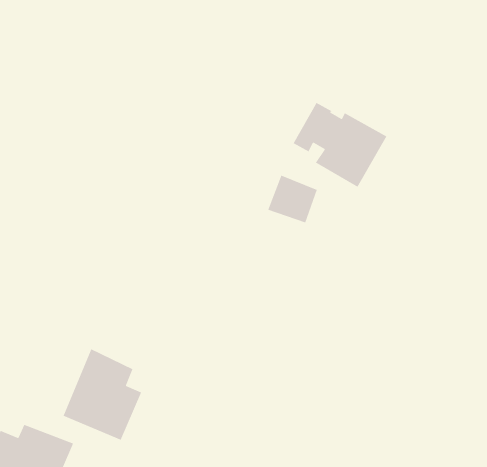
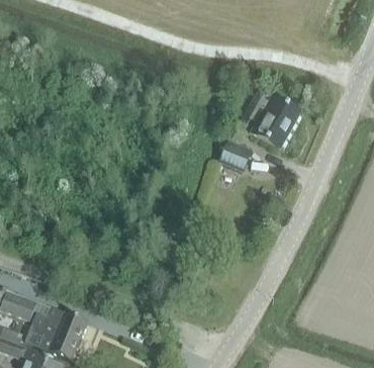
building: [63,348,142,441] -> none

